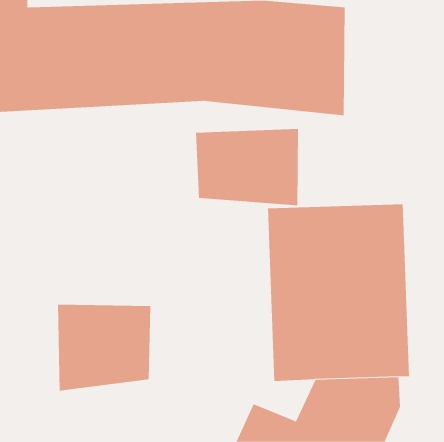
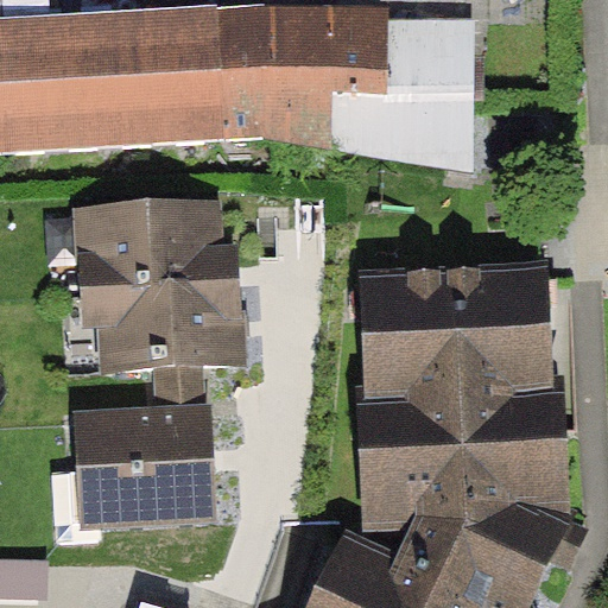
building: [195,128,298,206] -> none
building: none -> [80,203,232,359]

